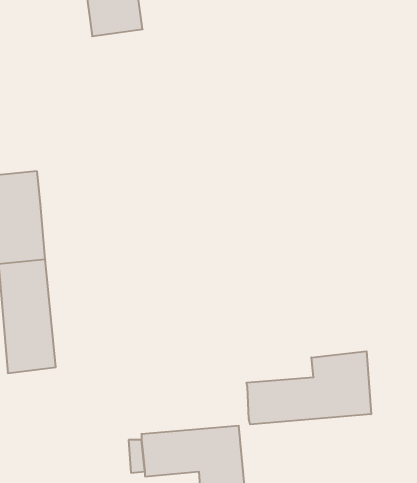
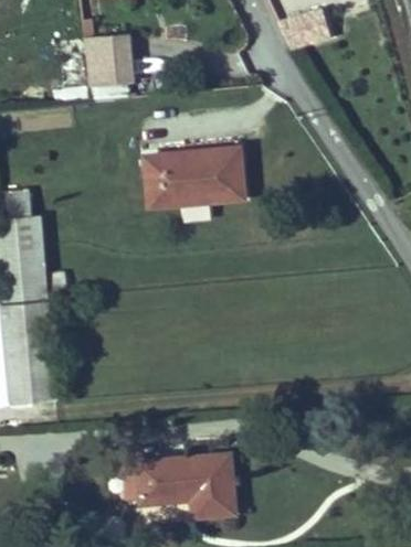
building: none -> [143,147,242,205]
building: [247,351,371,424] -> none

